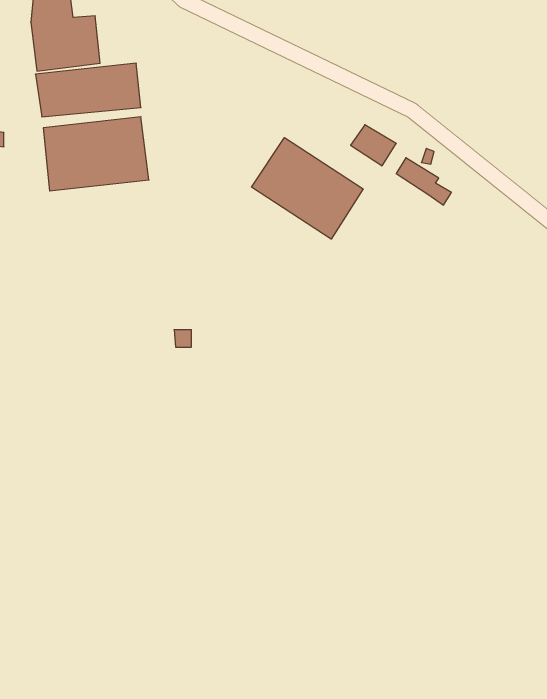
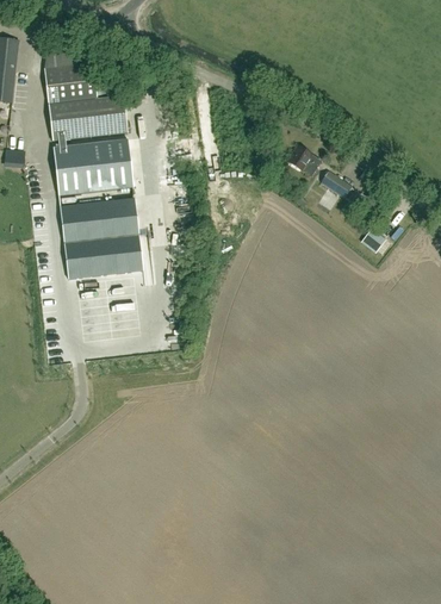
building: [251,138,363,239] -> none
building: none -> [60,199,143,279]

